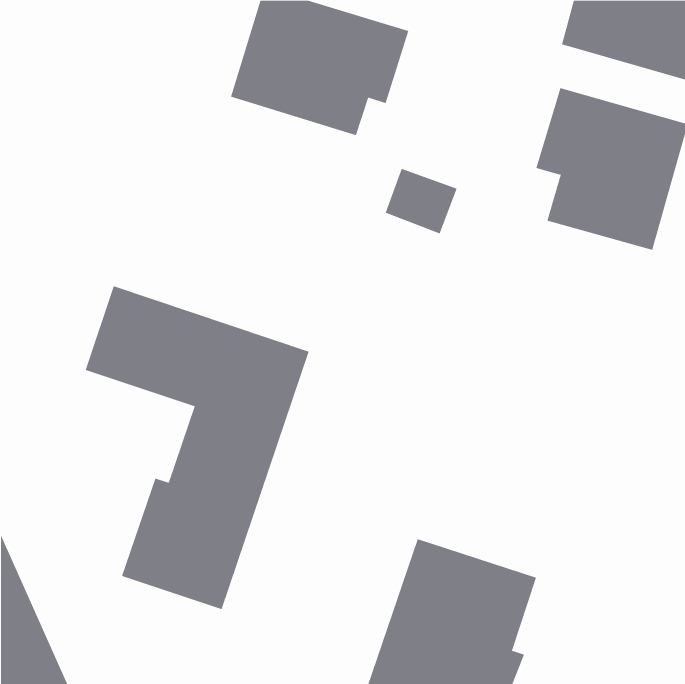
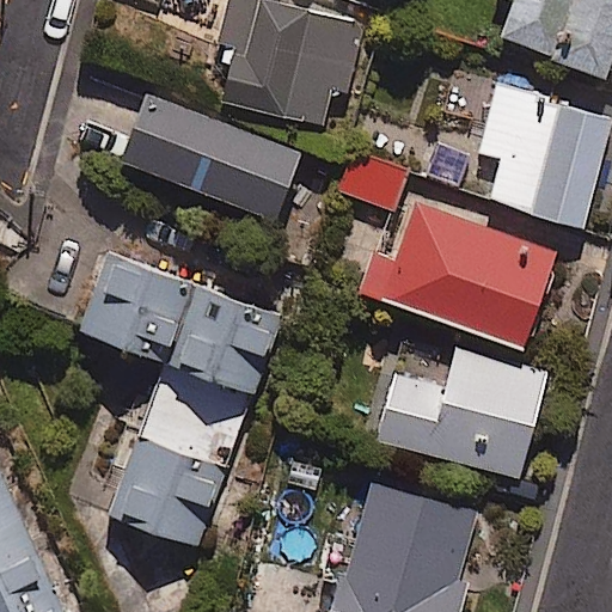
building: none -> [121,97,298,218]
building: none -> [357,200,551,348]
building: none -> [372,349,547,478]

